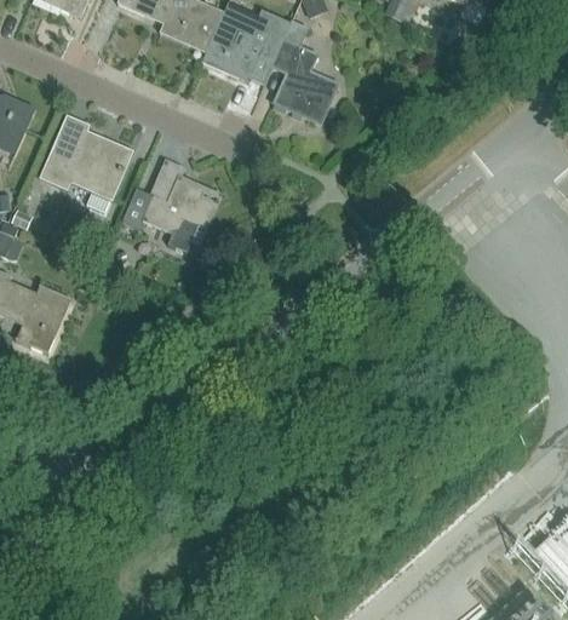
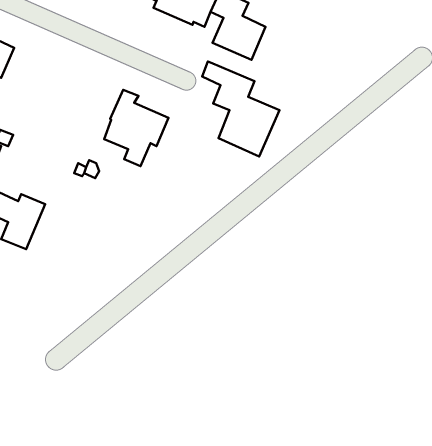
building: [40,116,130,211] -> none
building: none -> [202,62,279,157]

